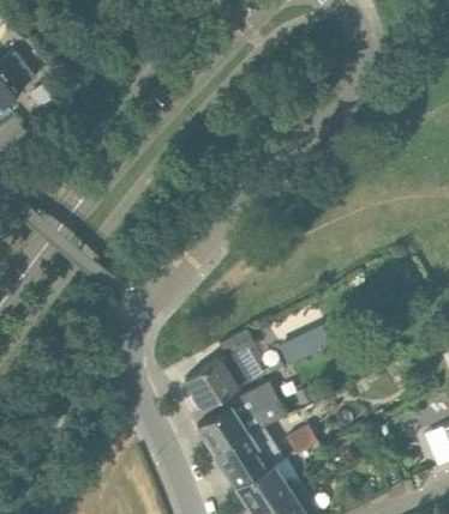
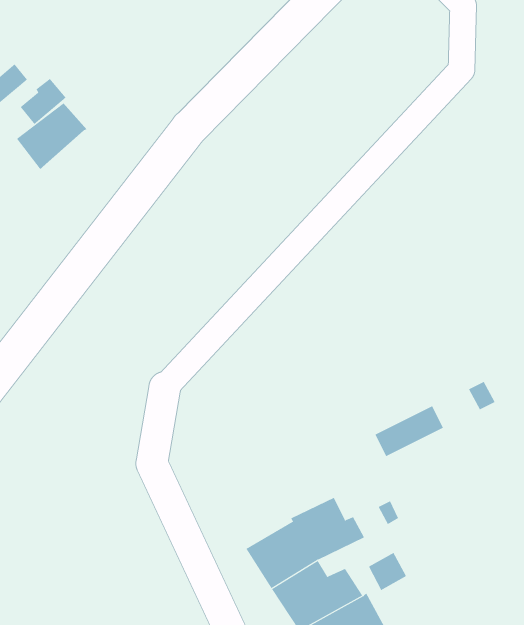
building: none -> [16,102,87,170]
building: [185,331,255,410] -> none

